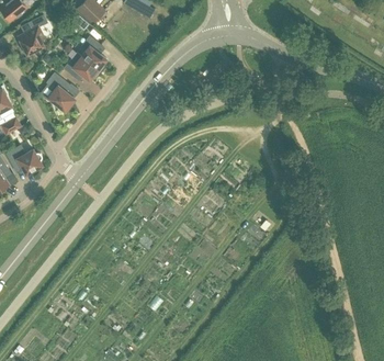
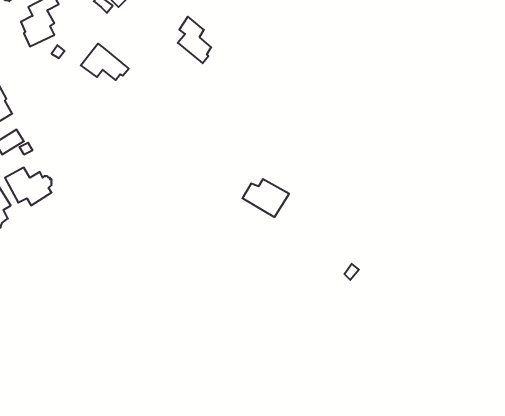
building: [80,35,105,70] -> [178,17,211,63]
building: [46,72,75,110] -> none

